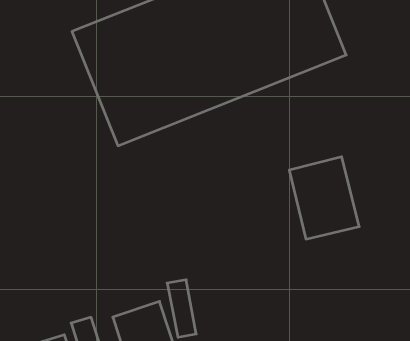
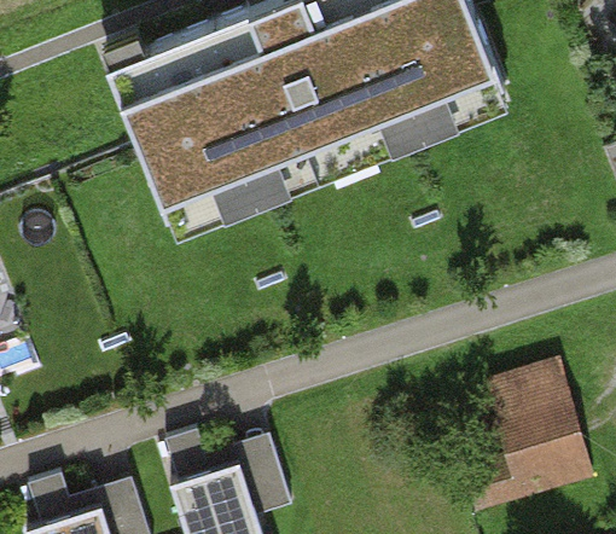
building: [289,157,359,239] -> [487,366,588,486]

